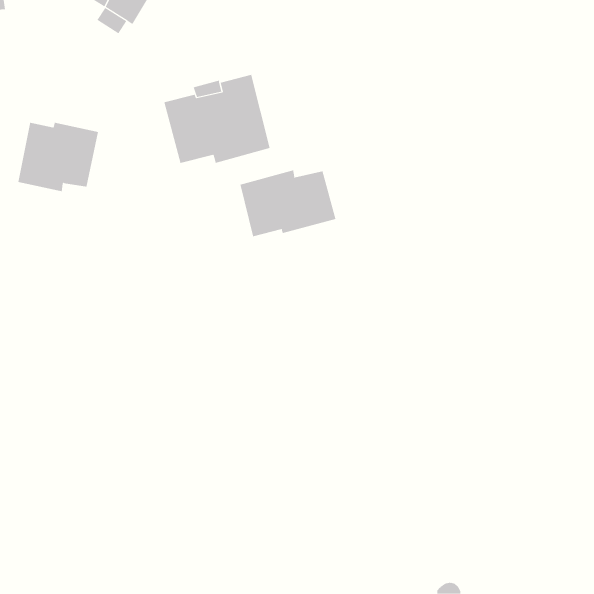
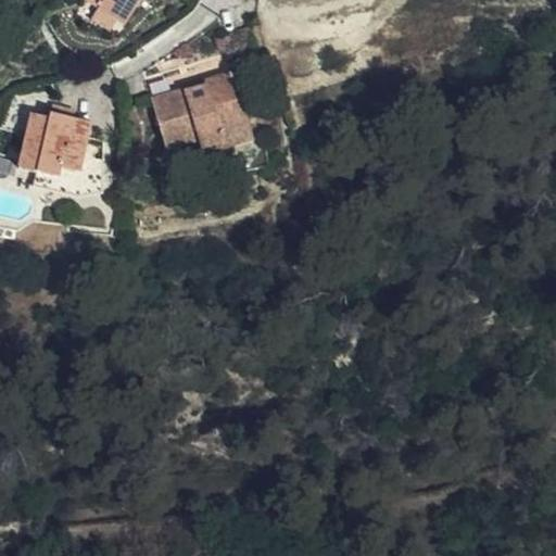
building: [240,170,336,237] -> none

